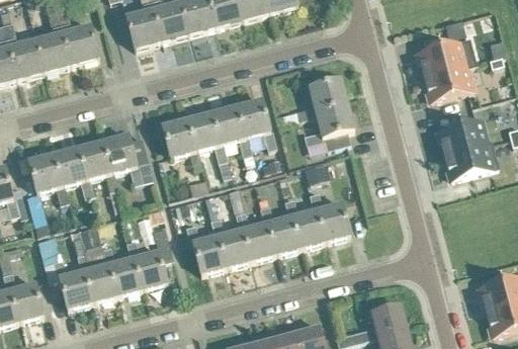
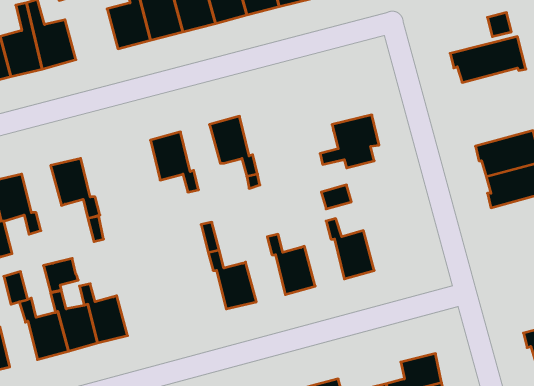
building: [424,65,477,103] -> none
building: [297,78,348,121] -> none
building: [237,99,276,150] -> none
building: [187,112,232,177] -> none
building: [103,134,153,184] -> none
building: [54,147,94,197] -> none
building: [284,197,325,248] -> none
building: [236,210,275,261] -> none
building: [186,224,226,274] -> none
building: [126,227,173,289] -> none

